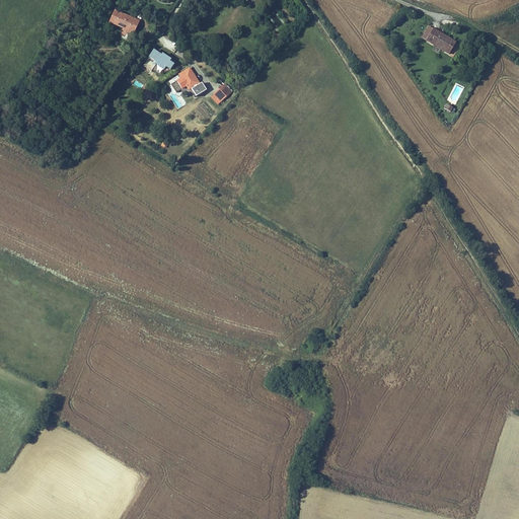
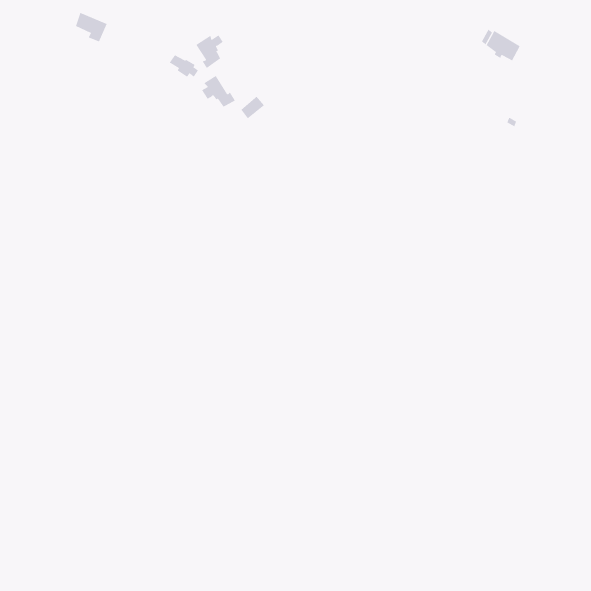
building: [109,9,138,35] -> [75,12,107,42]
building: none -> [195,34,223,69]

